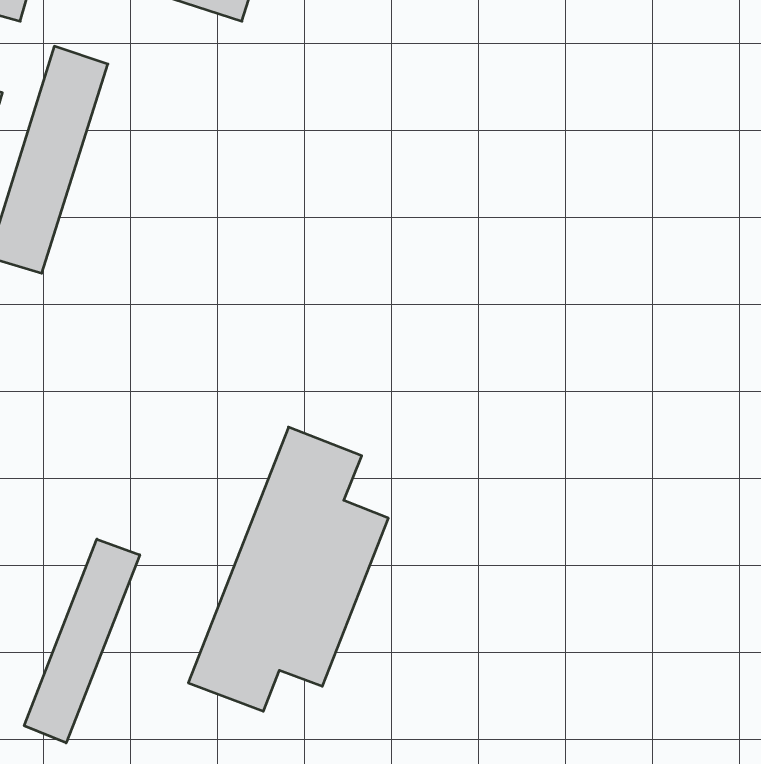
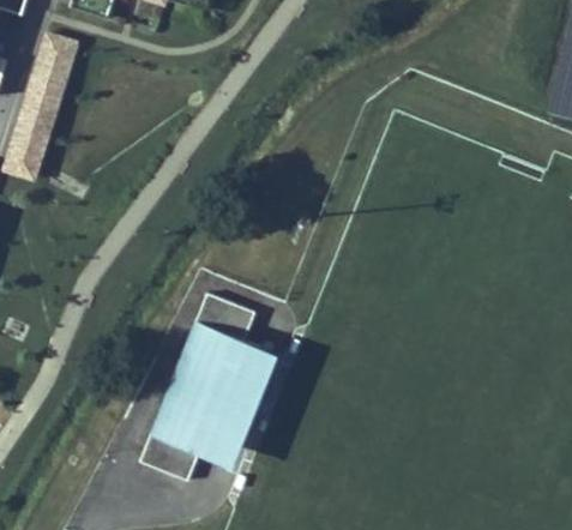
building: [24,539,140,743] -> none

